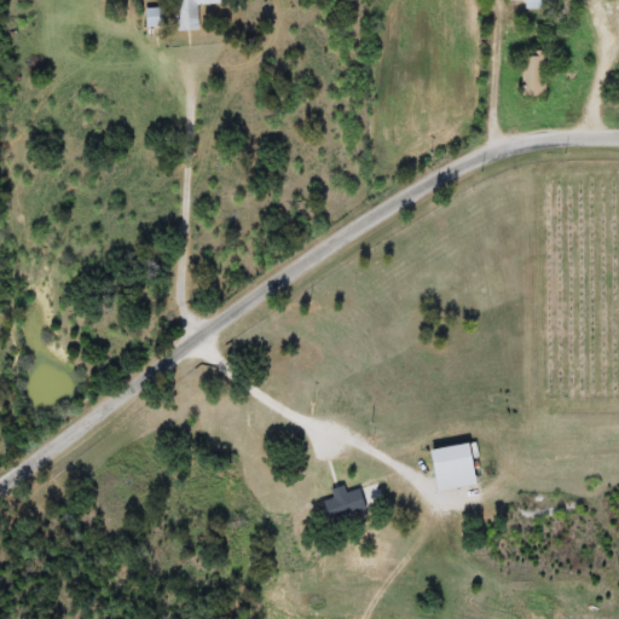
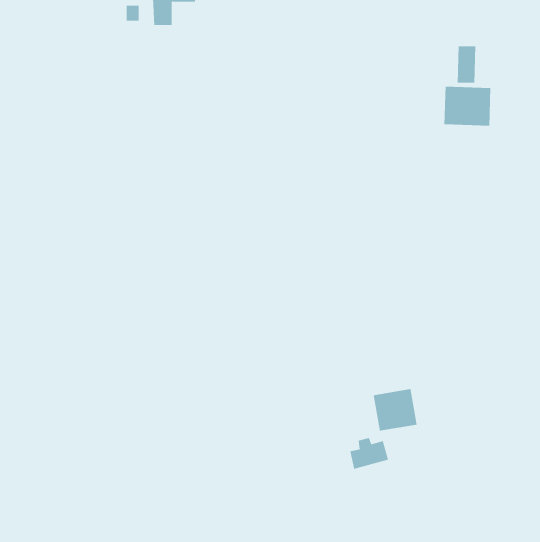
building: none -> [444,86,491,127]
building: [323,484,368,520] -> [349,437,389,469]

